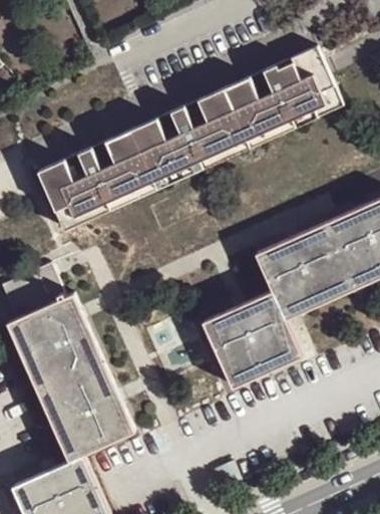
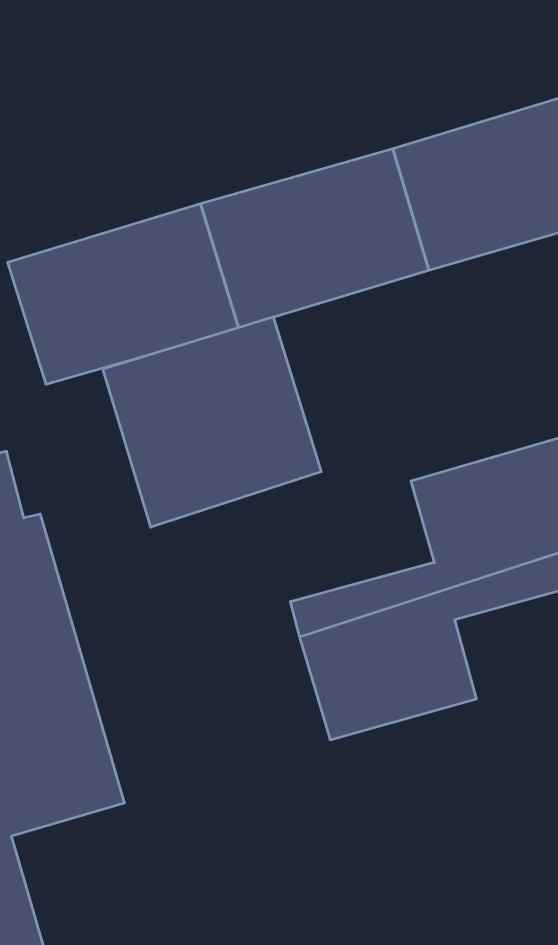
building: none -> [103,317,321,527]

